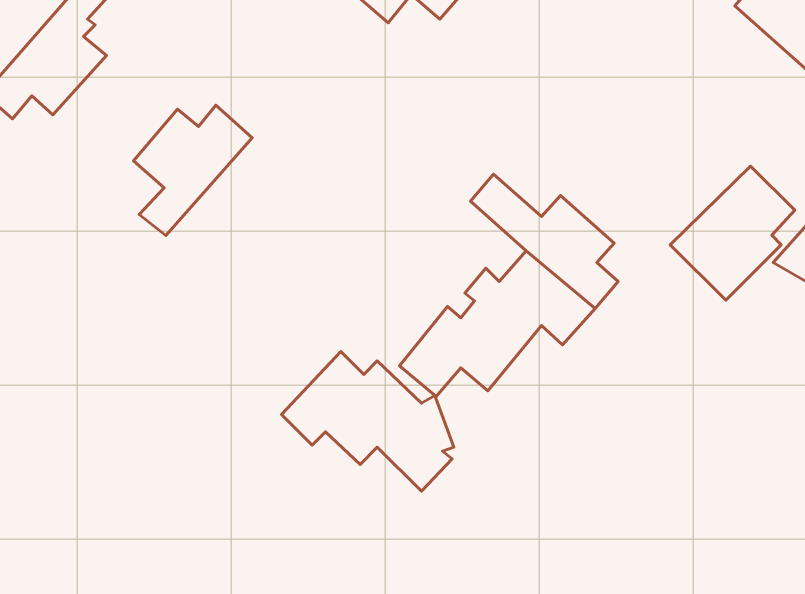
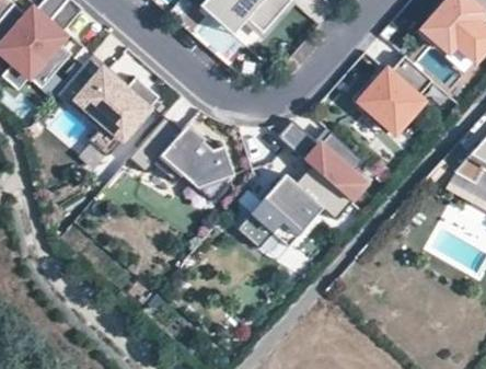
building: none -> [60,62,112,114]
building: [670,166,795,300] -> [358,54,429,130]
building: [282,351,454,491] -> [131,120,230,200]

